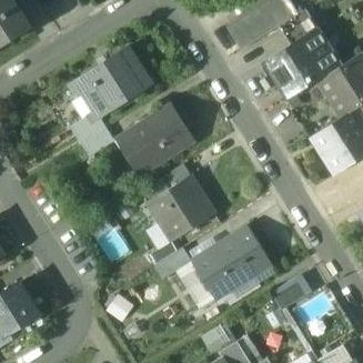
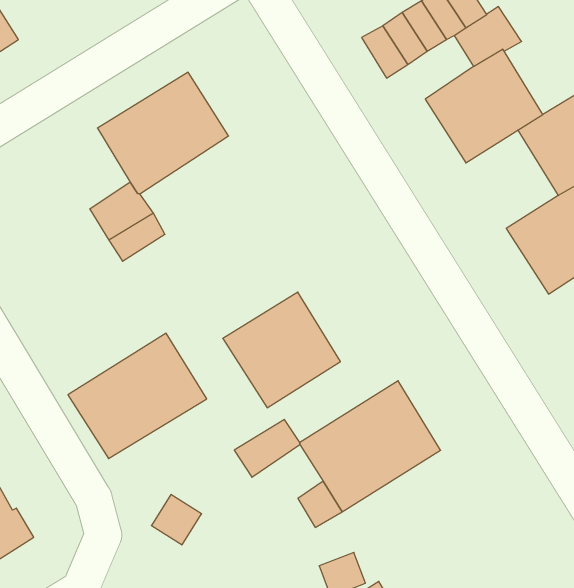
building: [114,103,194,175] -> [68,333,207,459]
building: [271,274,311,307] -> none

